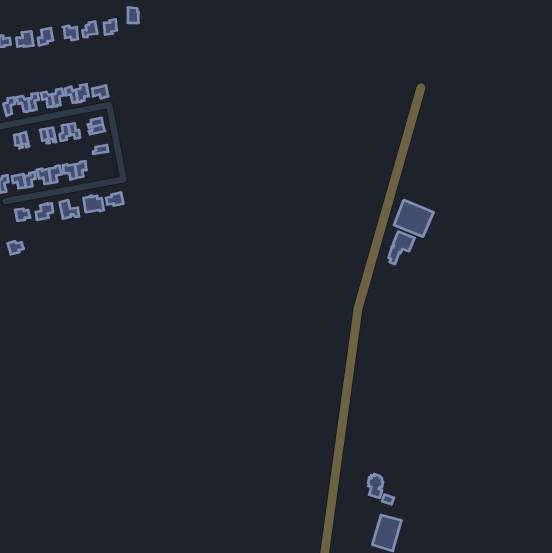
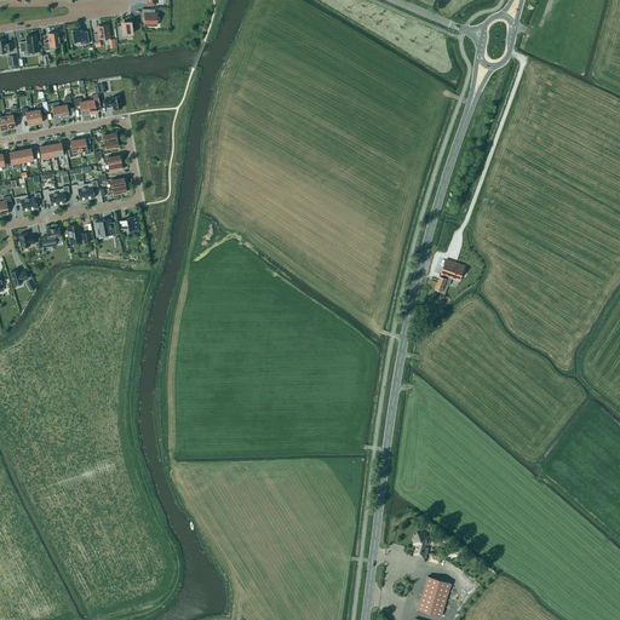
building: [394,200,433,237] -> none

